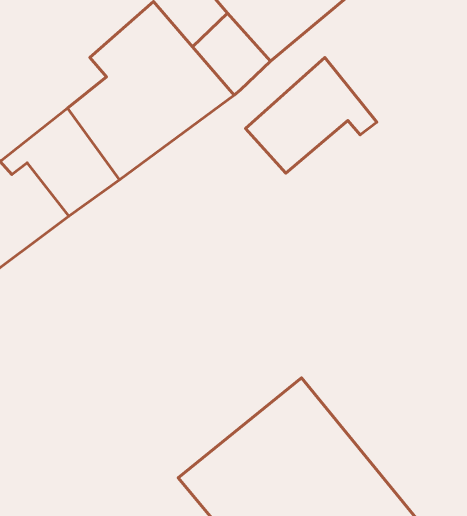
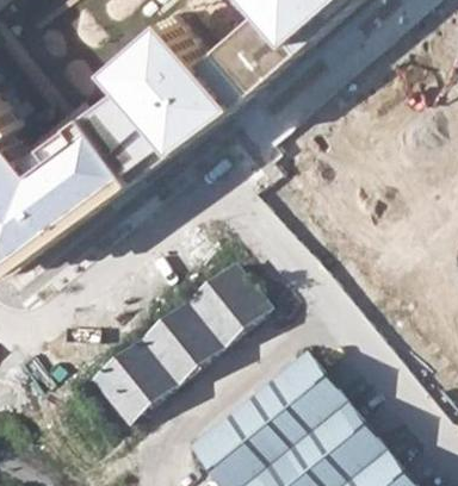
building: [245,58,377,173] -> none
building: none -> [91,267,266,424]

